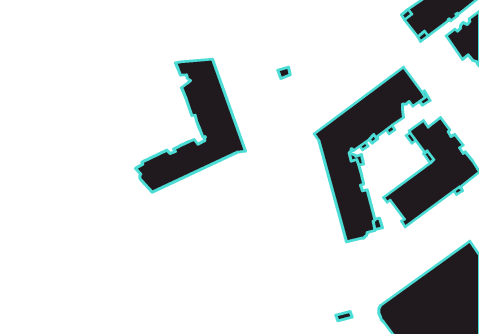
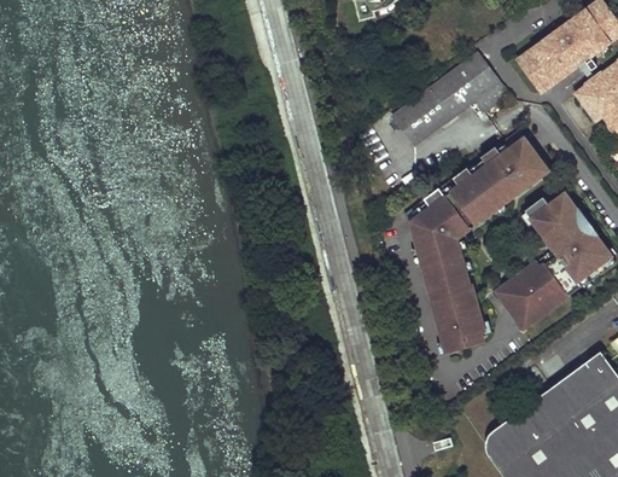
building: none -> [387,53,506,144]
building: [136,59,246,192] -> none

